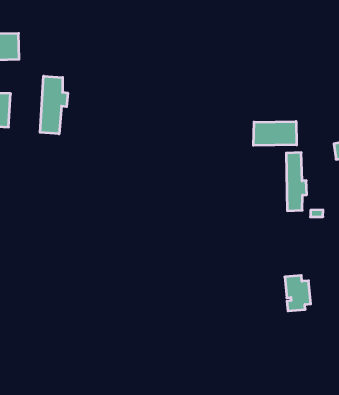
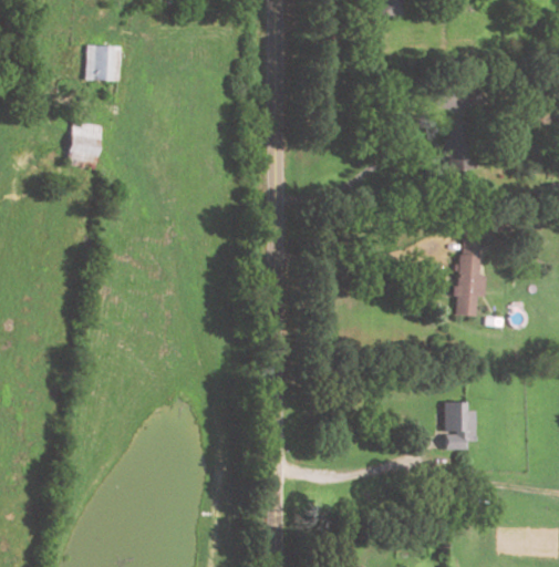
building: [40,76,68,134] -> none
building: [253,121,297,145] -> none

